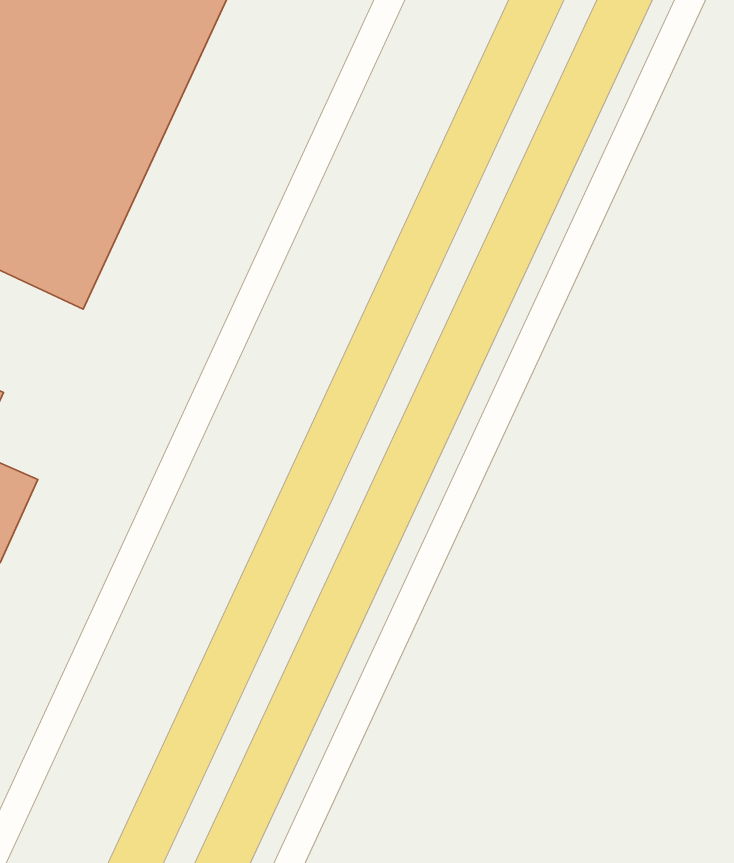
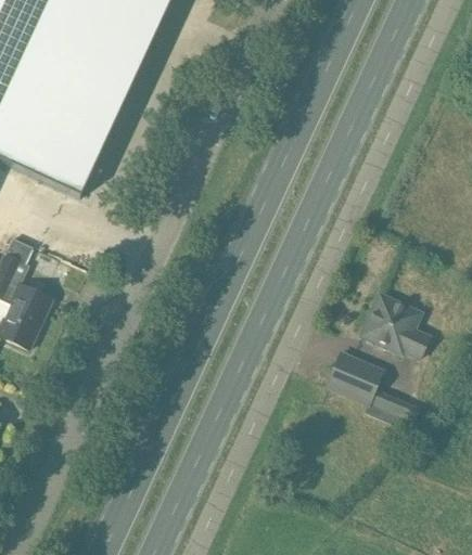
building: none -> [360,293,430,356]
building: none -> [327,350,414,428]

